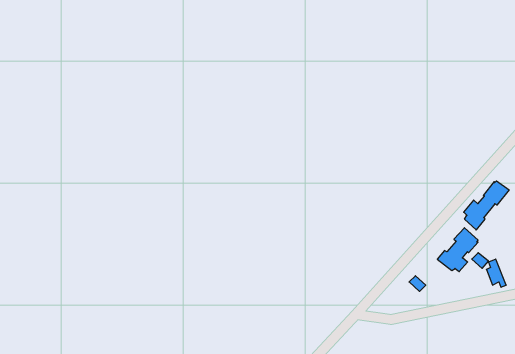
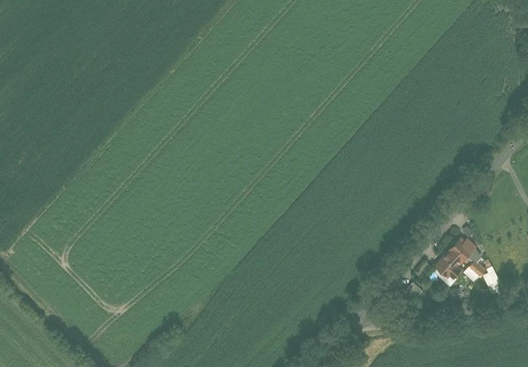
building: [464,181,509,230] -> none

